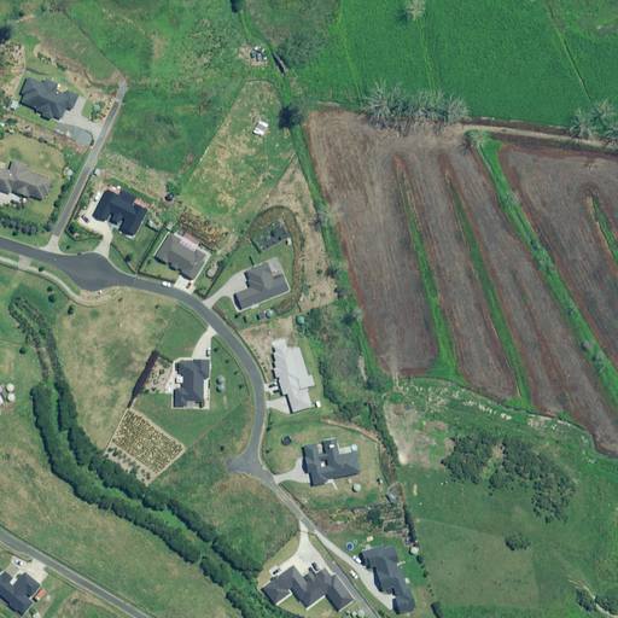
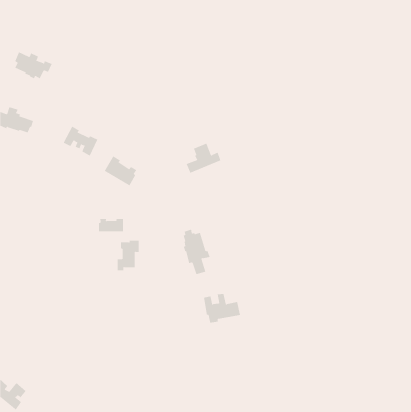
building: [235,262,288,308] -> [186,143,221,173]
building: none -> [98,218,124,232]
building: [362,544,418,612] -> none
building: [264,565,354,610] -> none

